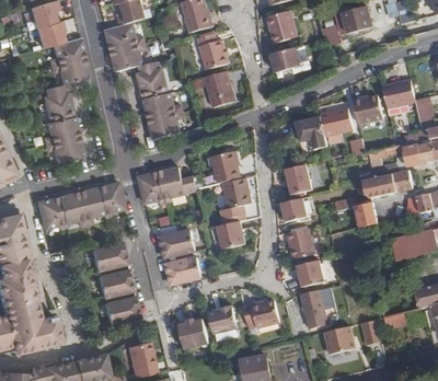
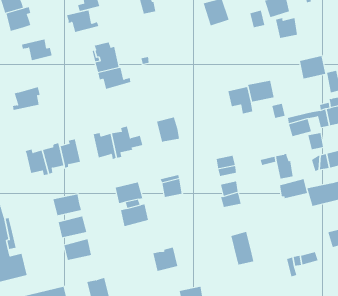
building: [197,34,229,70] -> none
building: [49,39,81,66] -> none
building: [114,44,146,72] -> none
building: [273,48,302,74] -> none
building: [205,71,233,107] -> none
building: [42,85,72,123] -> none
building: [354,96,381,122] -> [275,18,298,39]
building: [151,111,184,139] -> none
building: [42,138,82,163] -> none
building: [287,163,313,193] -> none
building: [364,174,397,198] -> [279,179,308,199]
building: [223,176,252,208] -> none
building: [36,195,64,224] -> none
building: [296,259,326,287] -> none
building: [244,303,280,332] -> none
building: [178,321,209,350] -> none
building: [324,326,357,355] -> none

